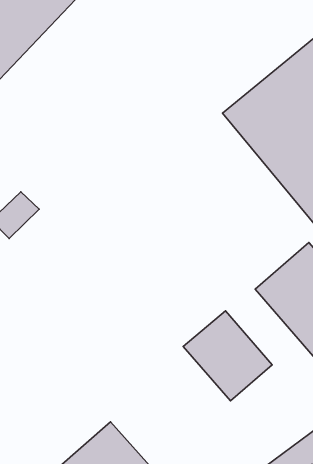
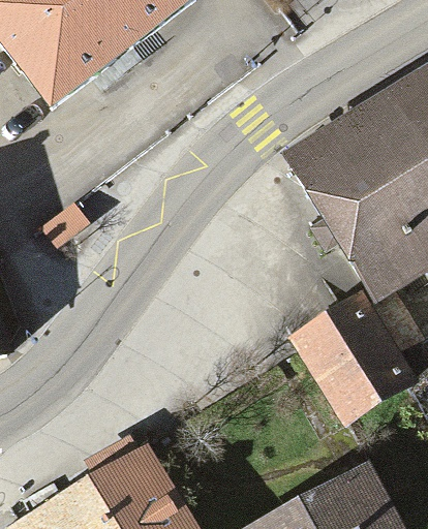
building: [183,311,272,401] -> none

